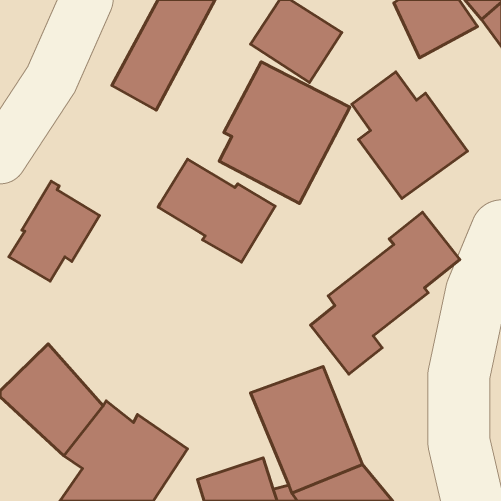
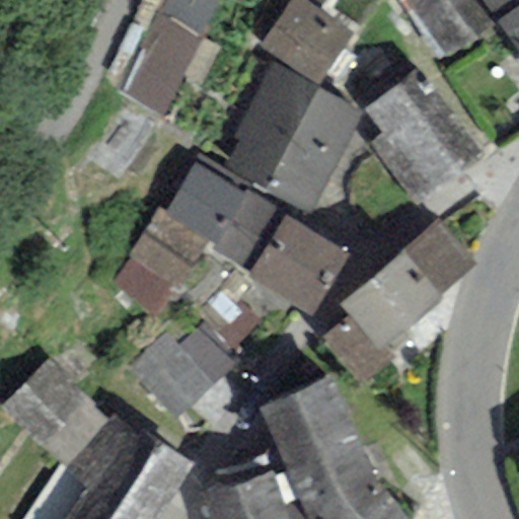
building: [9,181,99,281] -> [115,205,208,308]
building: none -> [248,213,351,315]
building: none -> [127,328,234,422]

